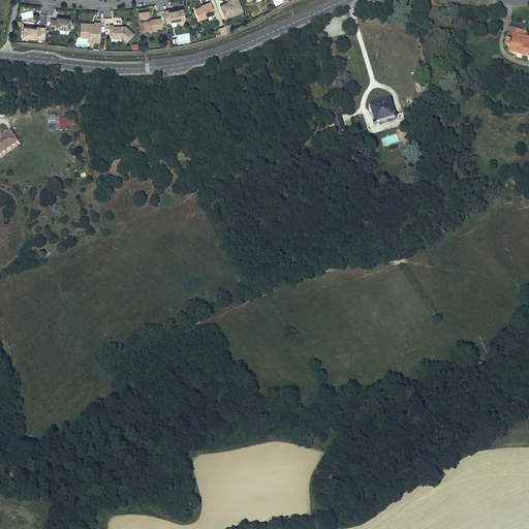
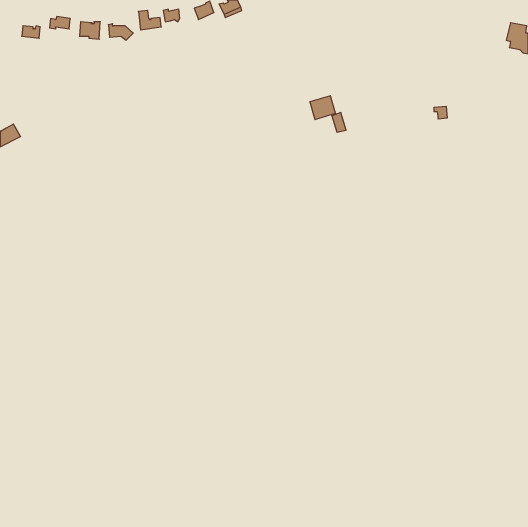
building: [371,97,397,121] -> [310,96,336,120]

